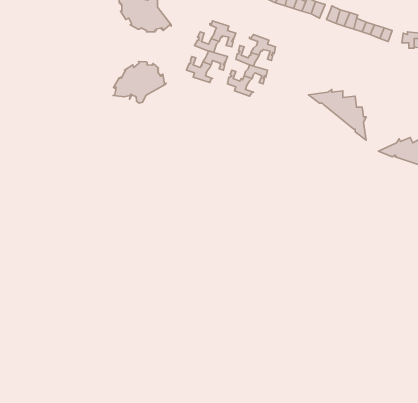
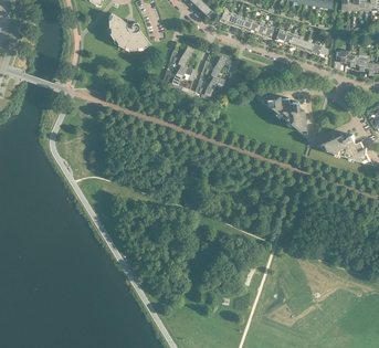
building: [113,61,166,103] -> none

